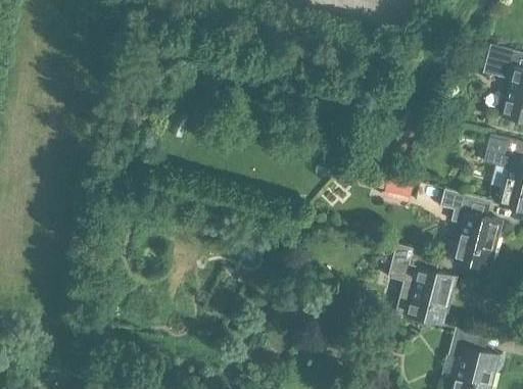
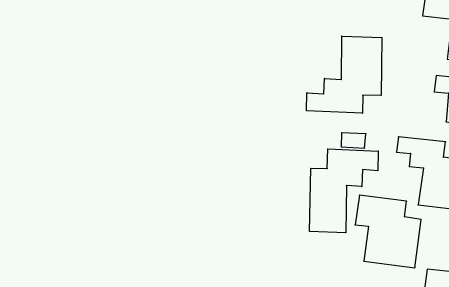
building: none -> [307,36,382,113]
building: none -> [310,149,378,233]

